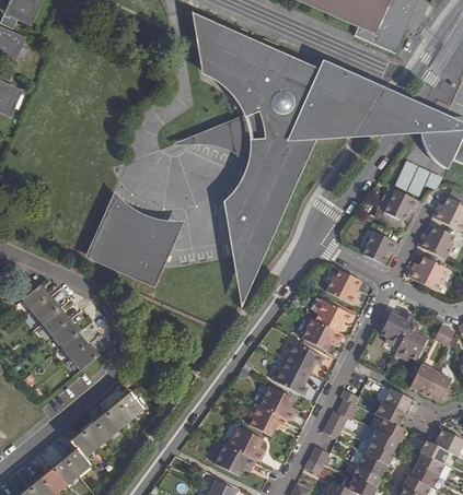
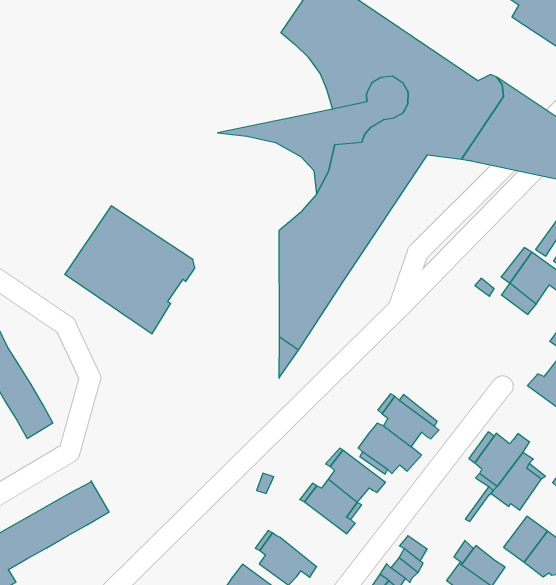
building: [111,195,180,236] -> none
building: [362,231,400,262] -> none
building: [325,268,359,304] -> none
building: [259,386,296,421] -> none

